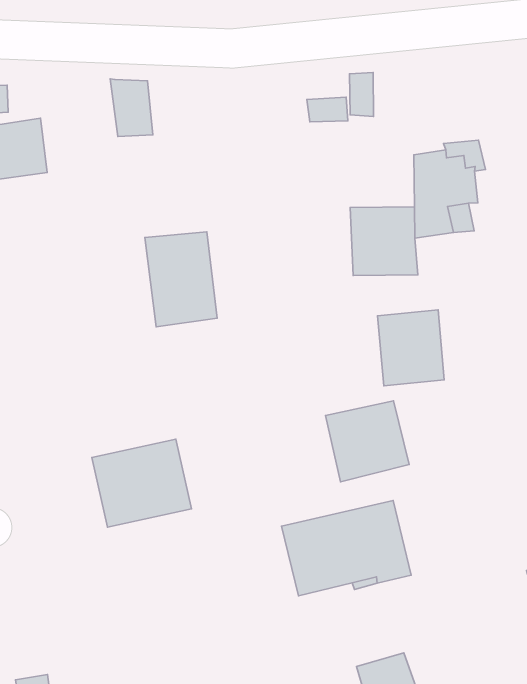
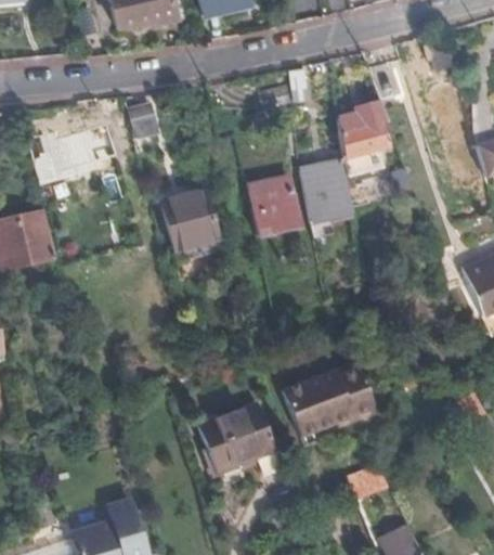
building: [378,310,444,386] -> [246,177,298,234]
building: [325,401,409,482] -> none
building: [92,439,192,527] -> [200,403,274,470]

